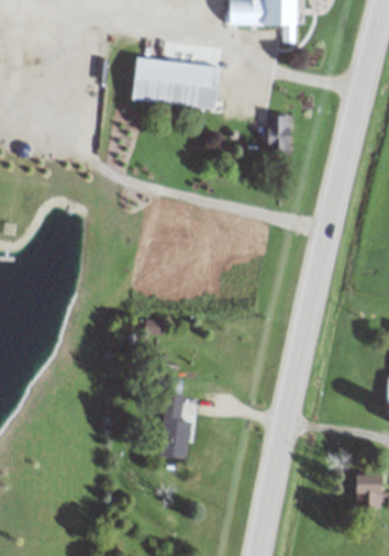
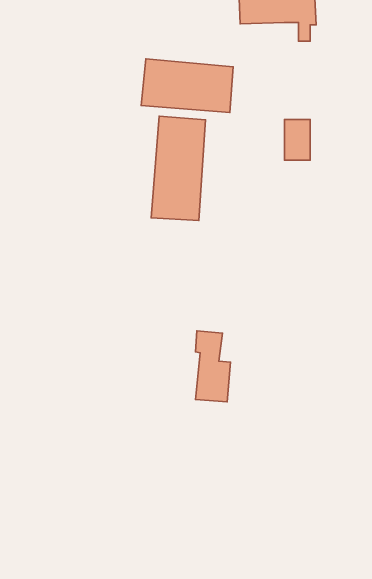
building: none -> [151,116,206,220]
building: [157,391,190,458] -> [196,331,231,402]

